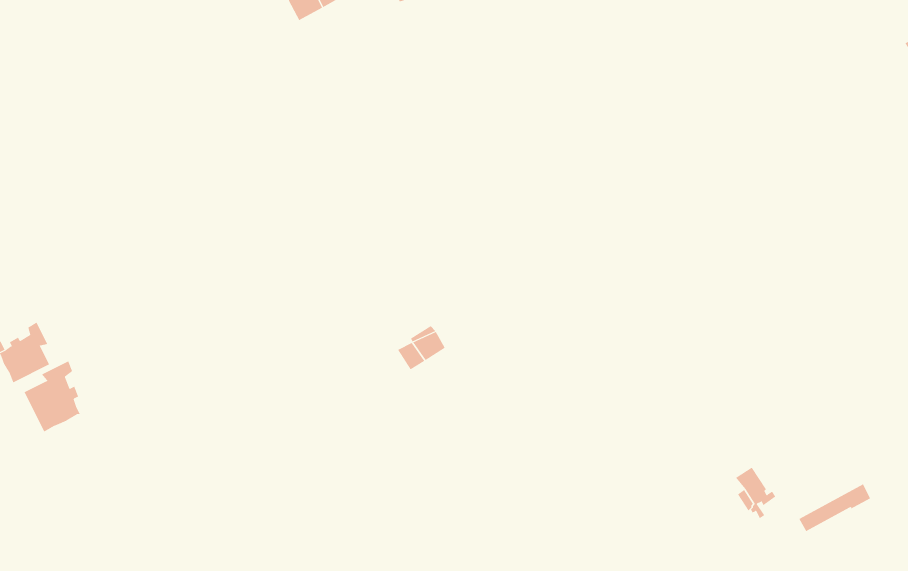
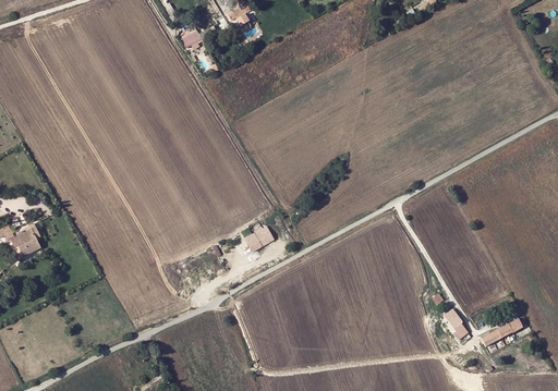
building: [24,360,81,433] -> none

